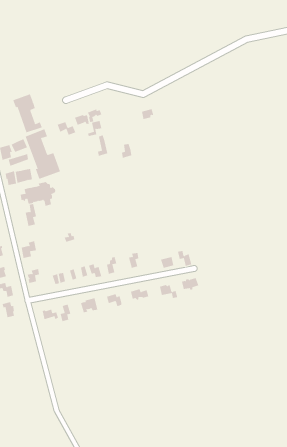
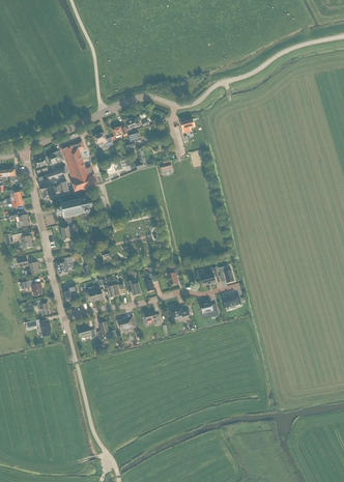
building: [13,93,42,133] -> none

